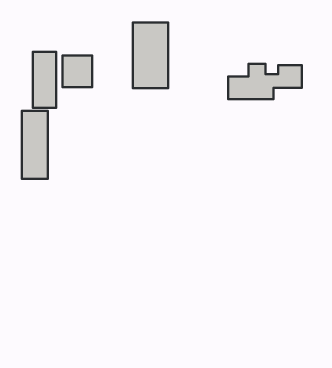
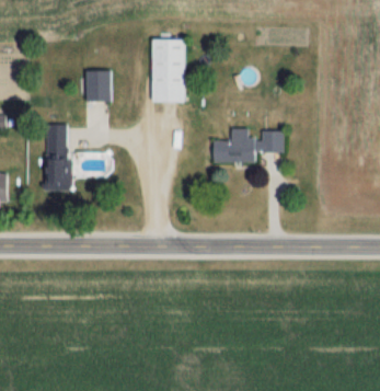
building: [33,52,56,108] -> none
building: [228,64,302,99] -> [212,128,284,162]

